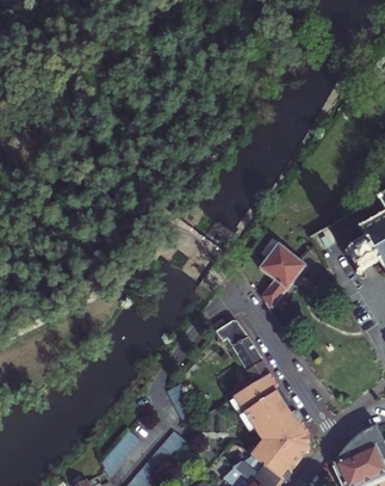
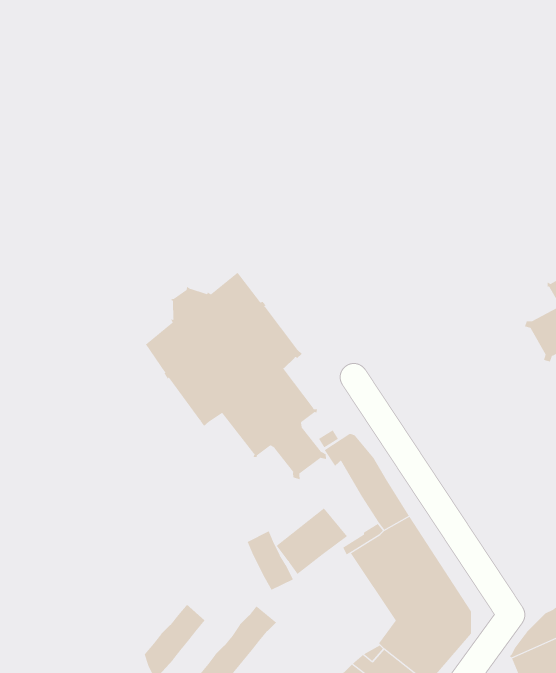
building: none -> [145,272,326,480]
building: [259,238,306,310] -> none
building: none -> [276,508,348,575]

